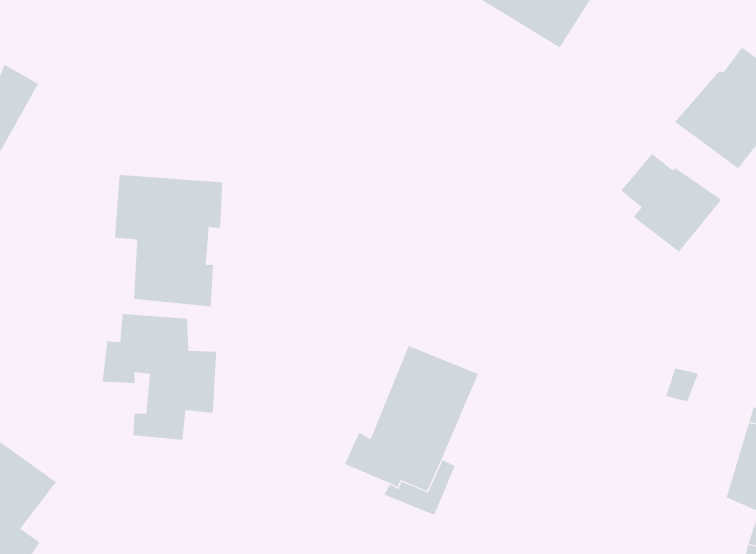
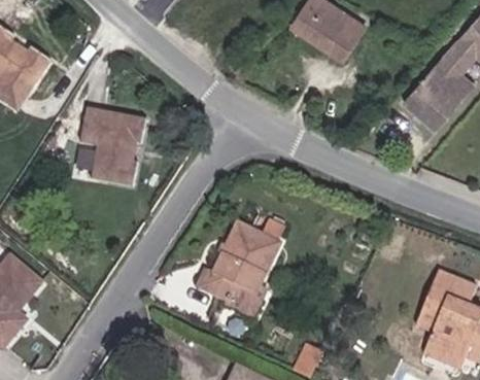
building: [620,153,722,253] -> none
building: [102,313,217,441] -> none

